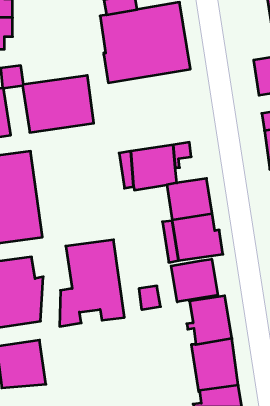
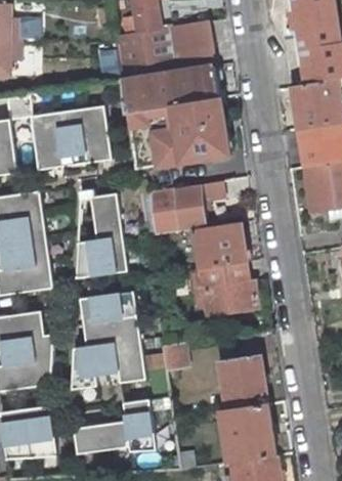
building: none -> [127,97,229,170]
building: none -> [76,188,127,277]
building: [171,259,218,302] -> none
building: none -> [73,398,156,453]

